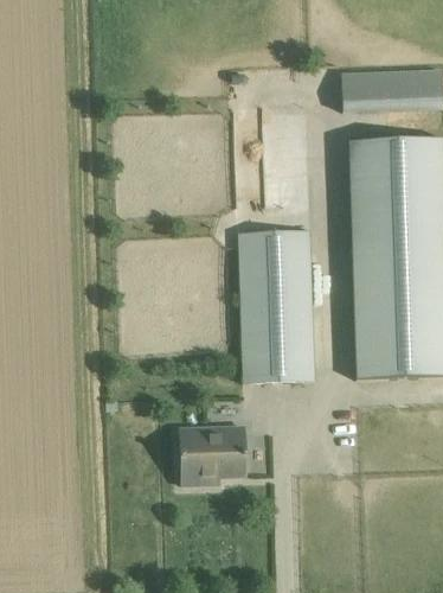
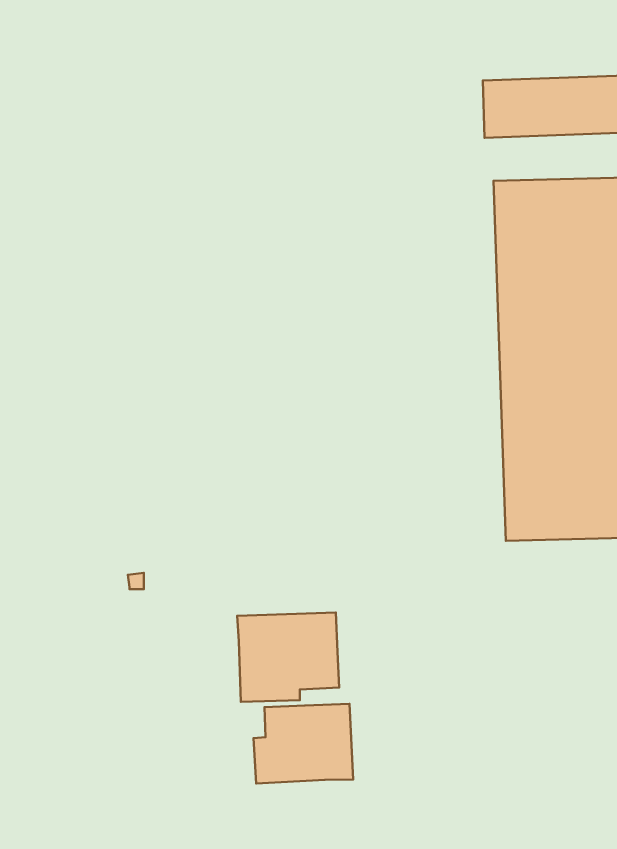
building: [238,231,313,383] -> none
building: none -> [254,704,353,783]

